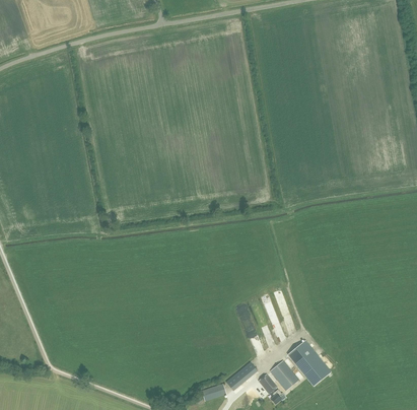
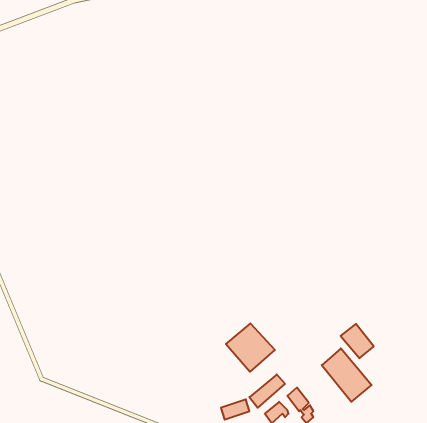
building: none -> [226,323,275,372]
building: [270,359,298,389] -> [341,324,374,358]

